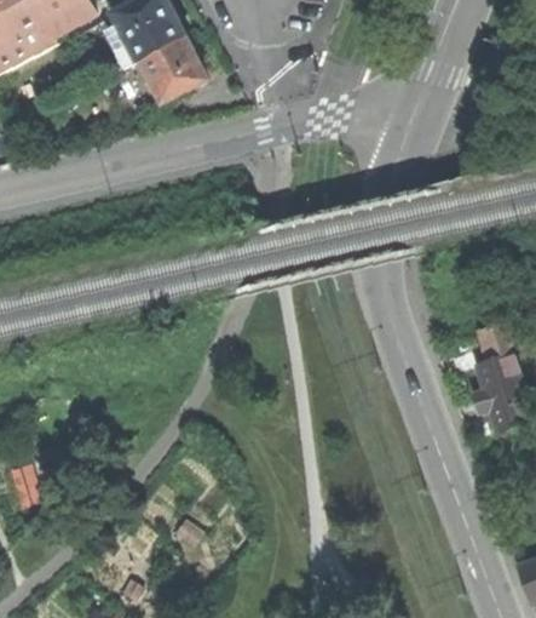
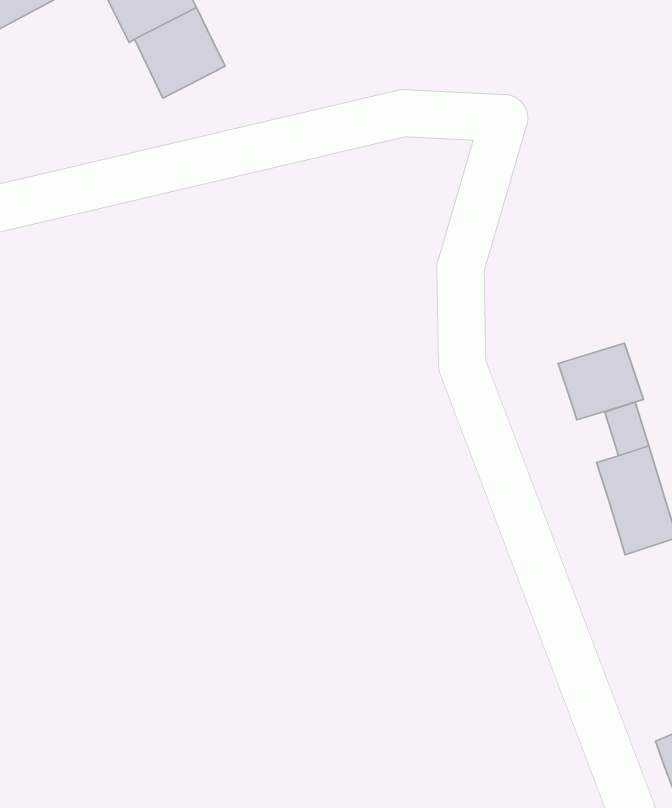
building: none -> [558,343,643,420]

